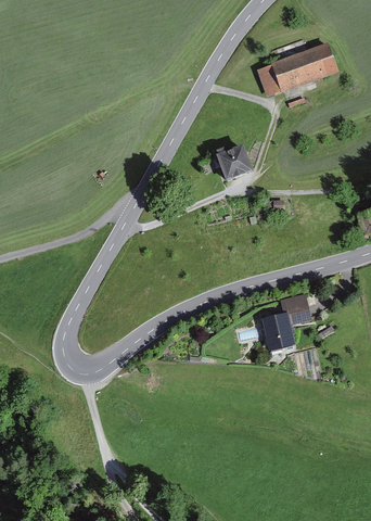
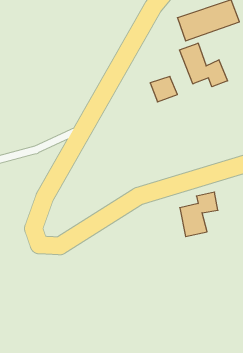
building: none -> [179,43,228,87]

